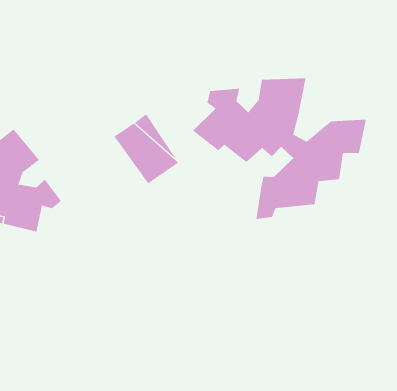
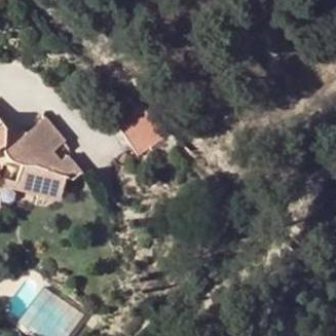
building: [192,77,367,220] -> none

